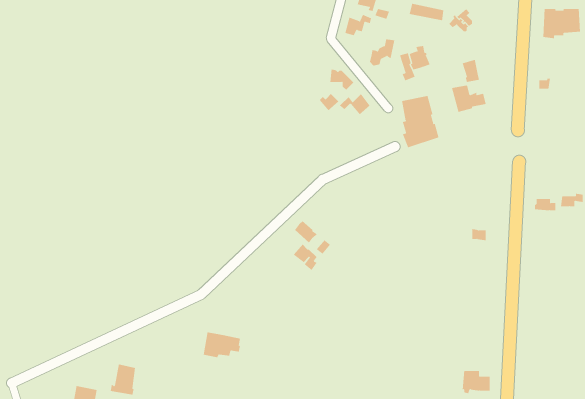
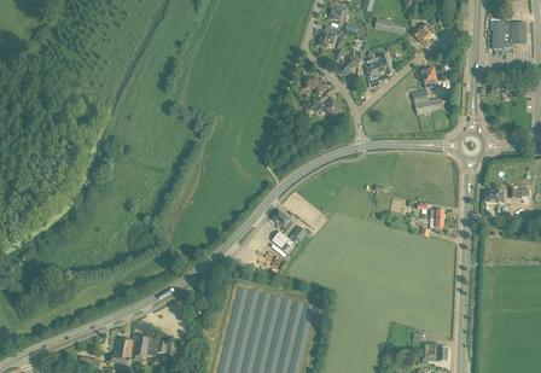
building: [401,95,439,148] -> none
building: [203,332,241,358] -> [133,333,167,356]

